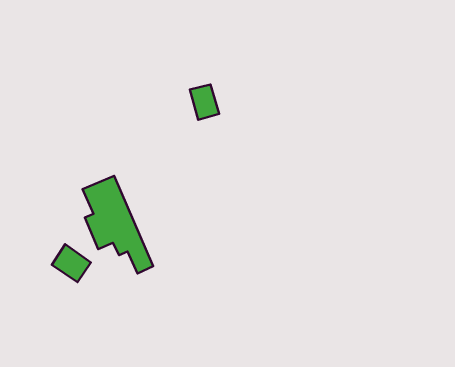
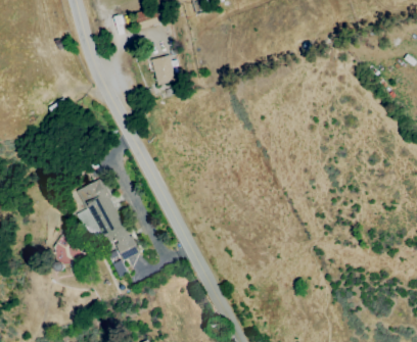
building: [190,84,219,120] -> [150,55,175,85]

